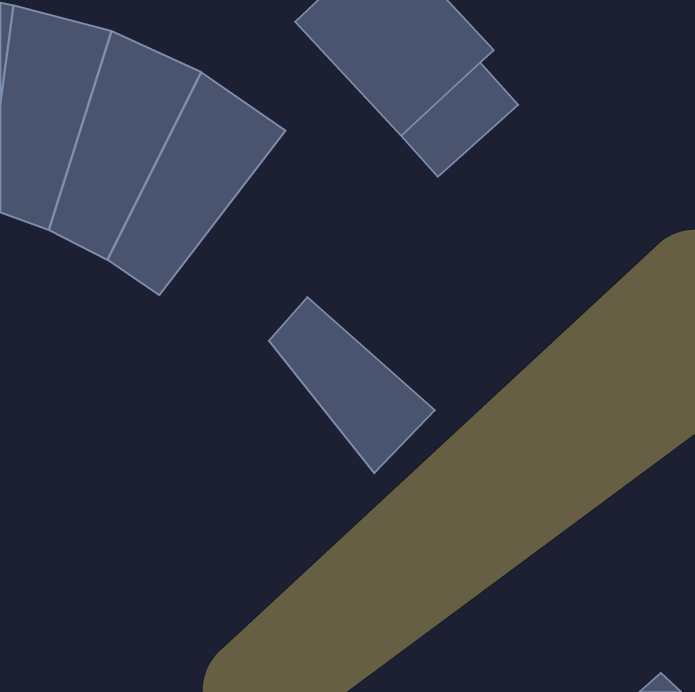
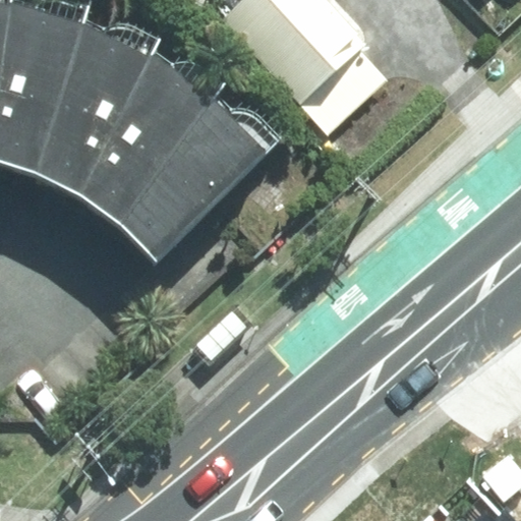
building: none -> [119,98,268,259]
building: [269,297,435,473] -> none

